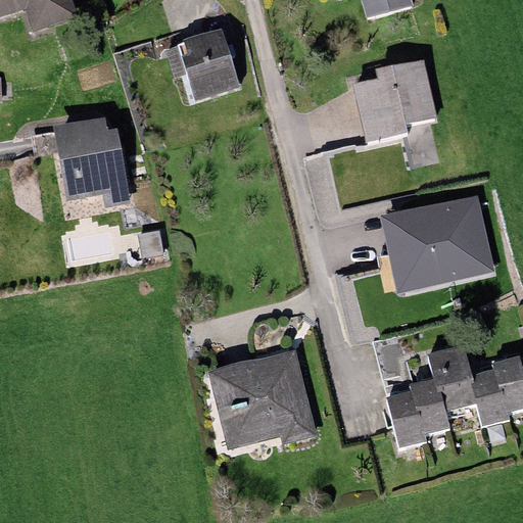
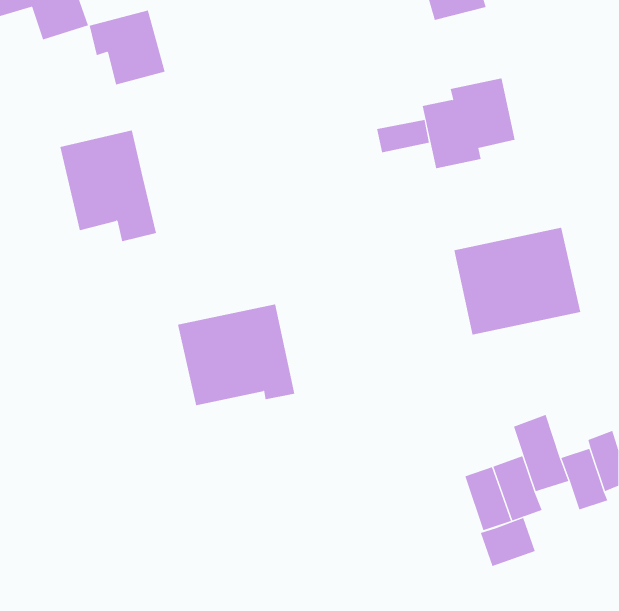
building: [170,35,234,98] -> [89,10,165,85]
building: none -> [376,119,430,153]
building: [211,356,311,442] -> [177,304,295,406]
building: none -> [480,517,536,567]

